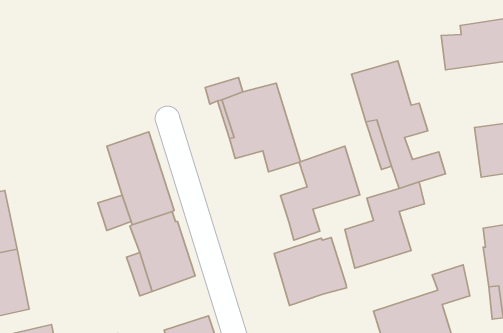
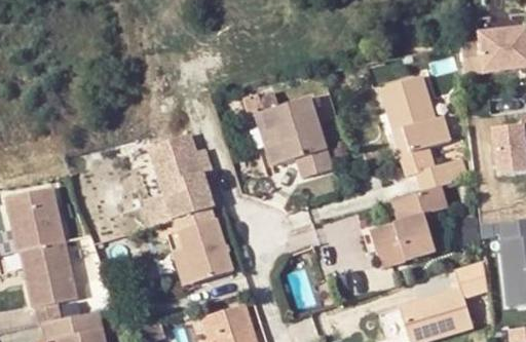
building: [280,146,360,240] -> none
building: [274,238,347,306] -> none

